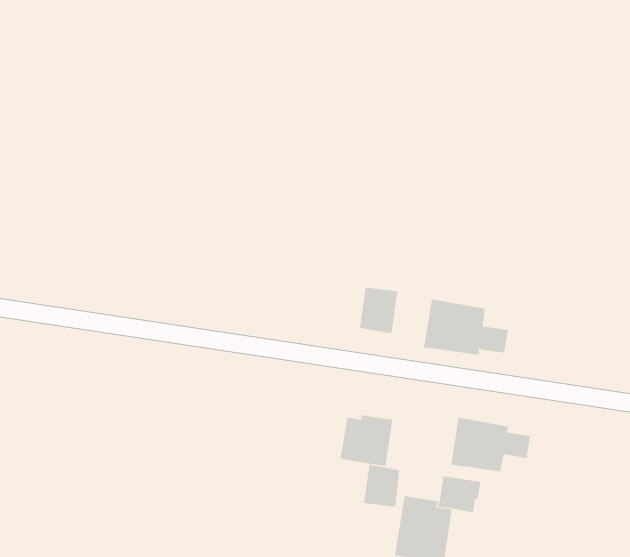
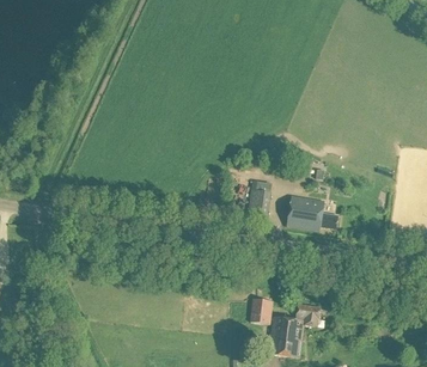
building: [340,414,393,467] -> none
building: [451,417,530,472] -> none

